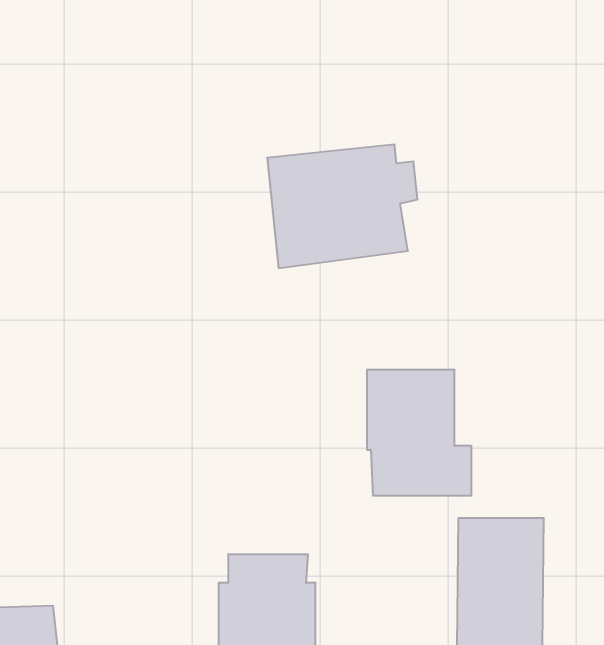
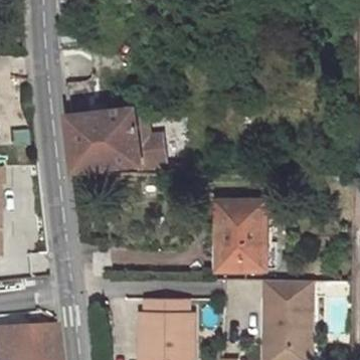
building: [267,144,417,268] -> [70,107,150,172]

